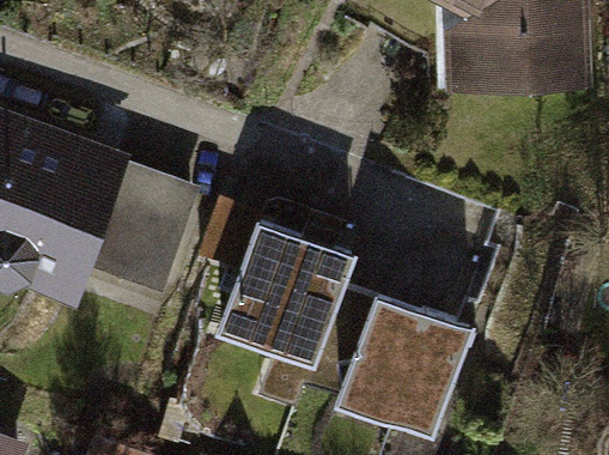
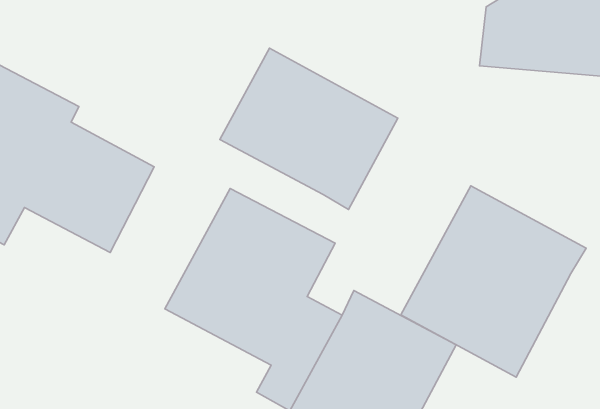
building: none -> [220,48,398,209]
building: none -> [401,186,586,377]

